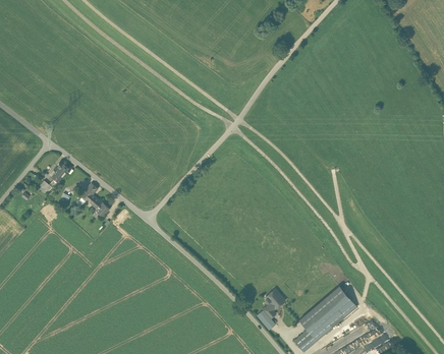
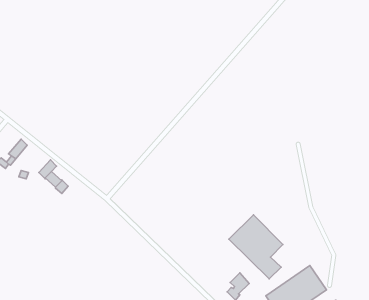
building: none -> [229,215,283,279]

